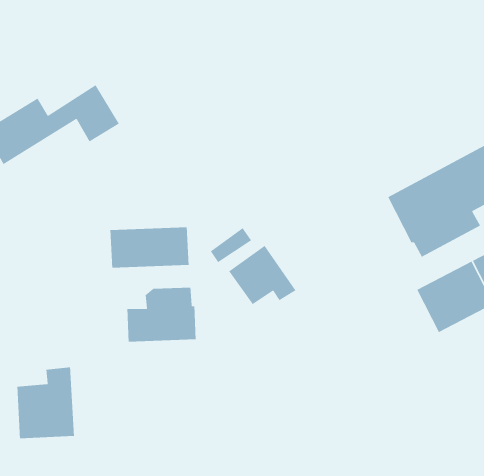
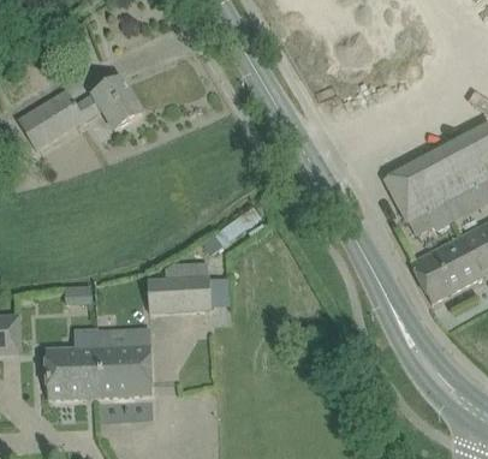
building: [110,227,189,268] -> none
building: [228,245,296,305] -> none
building: none -> [97,329,153,397]

